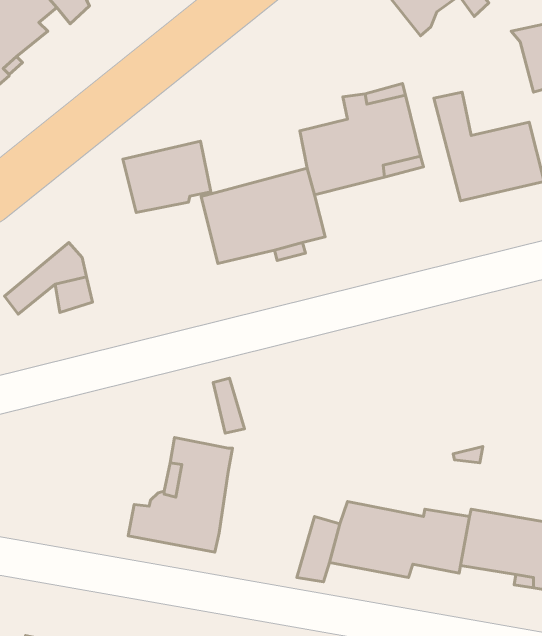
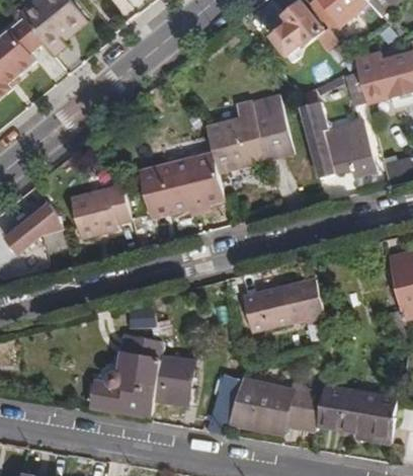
building: [123,141,211,213] -> [71,184,131,233]
building: none -> [244,281,325,336]
building: none -> [153,360,191,407]

